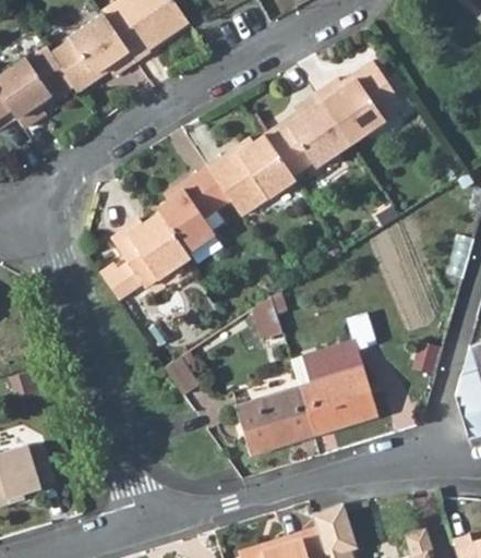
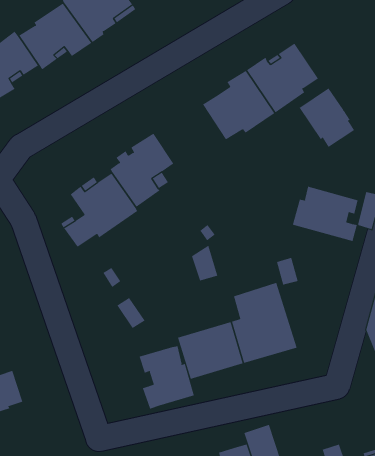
building: none -> [299,87,355,148]
building: [208,133,296,217] -> none
building: none -> [292,186,358,242]
building: none -> [139,345,195,410]

